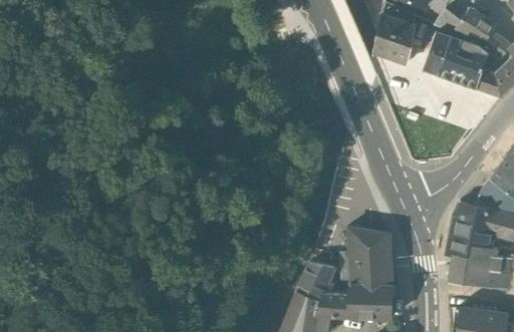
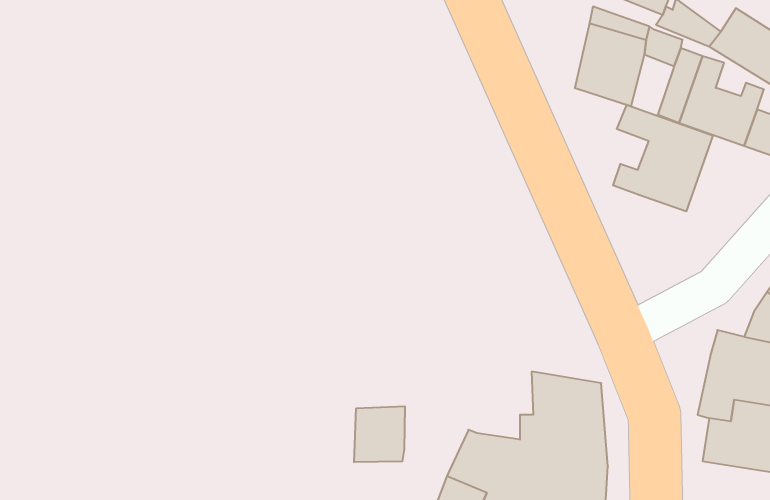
building: none -> [613,105,713,211]
building: none -> [354,406,405,462]

